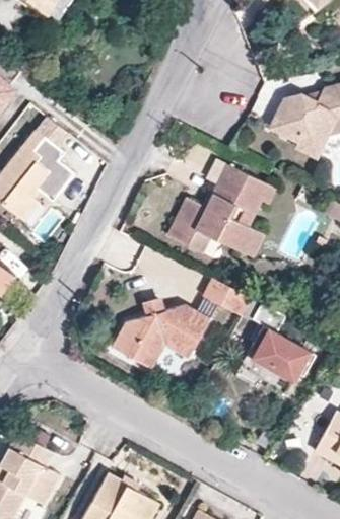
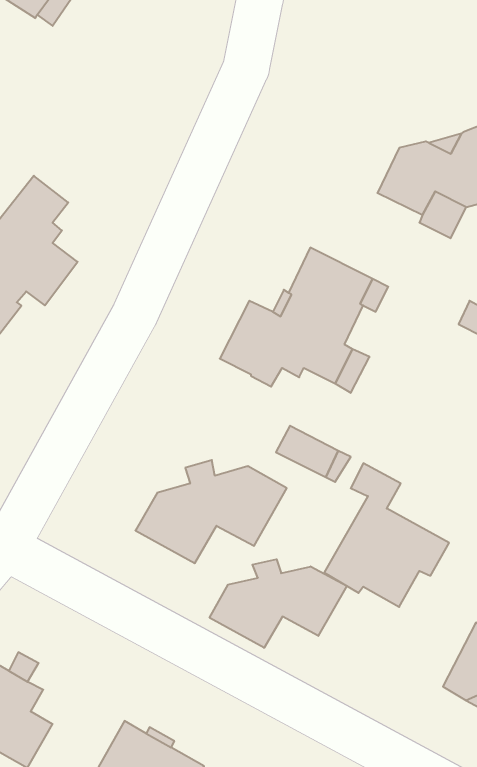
building: none -> [210,559,347,648]

